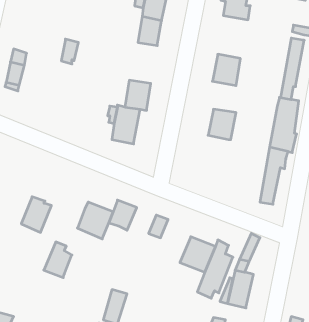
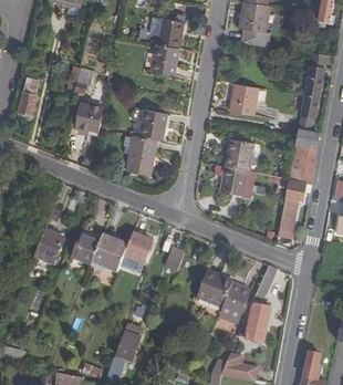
building: none -> [73,87,105,131]
building: none -> [219,166,245,195]
building: [44,242,72,278] -> [69,228,97,264]

